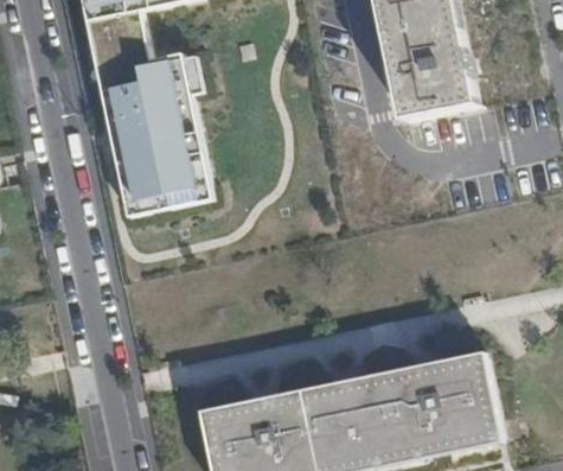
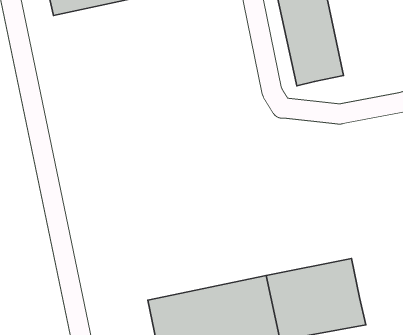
building: [94,58,203,211] -> none

